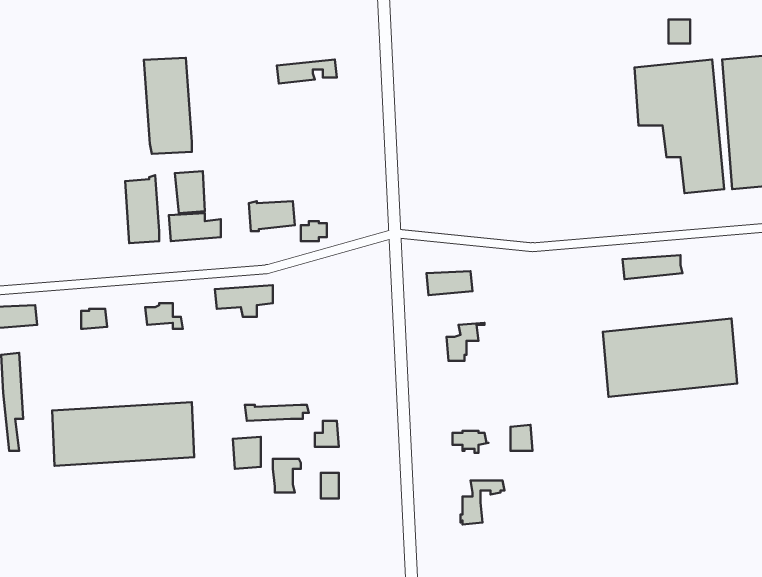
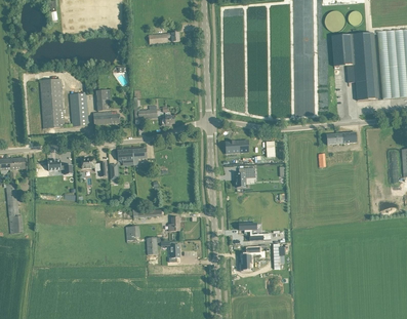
building: [144,58,192,154] -> [39,79,64,128]
building: [603,319,737,397] -> none
building: [52,402,194,466] -> none

